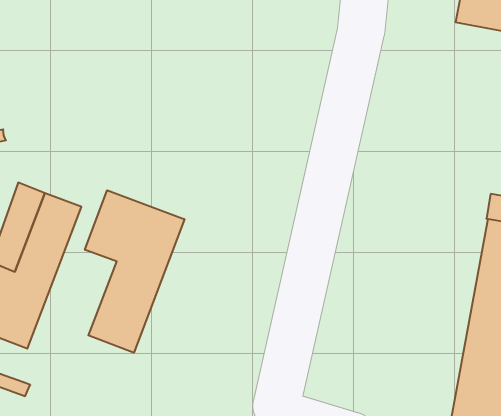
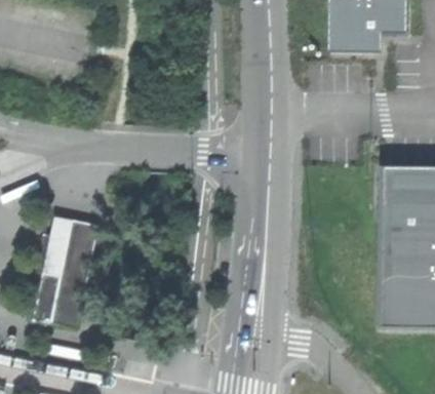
building: [85,190,184,353] -> none

